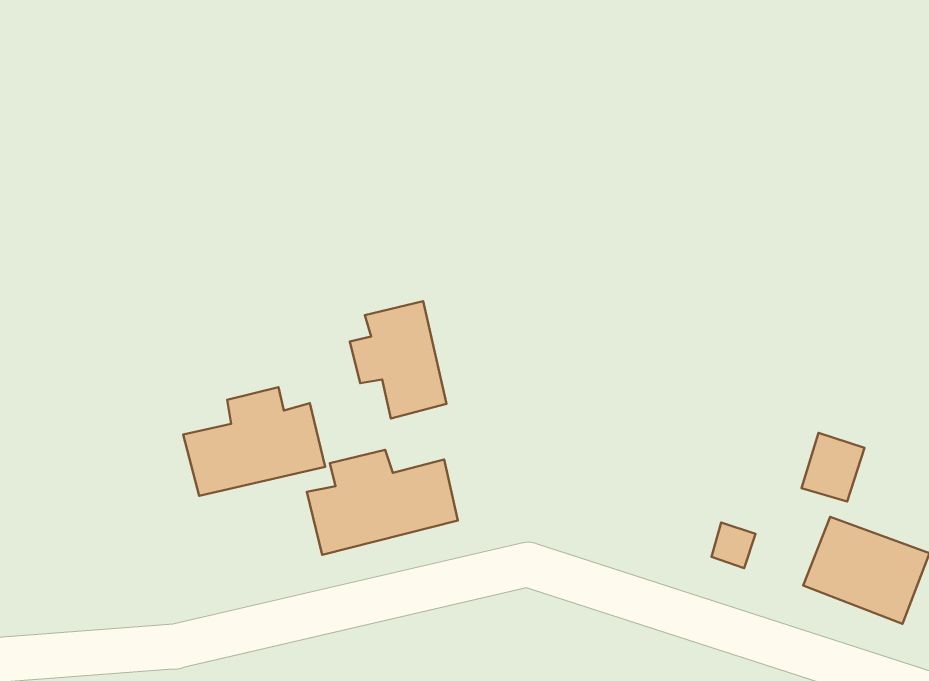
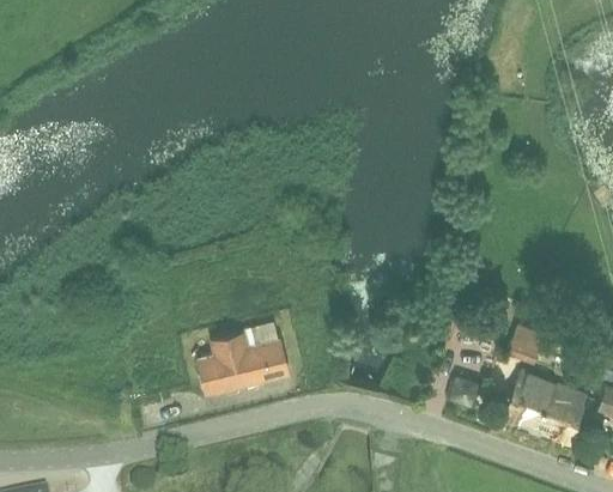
building: [350,301,447,419] -> none
building: [183,387,325,496] -> none

